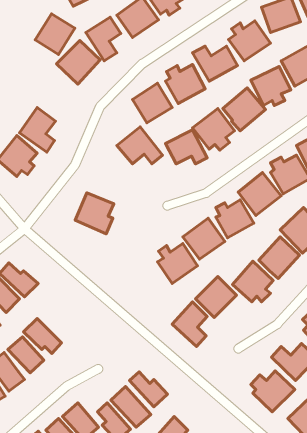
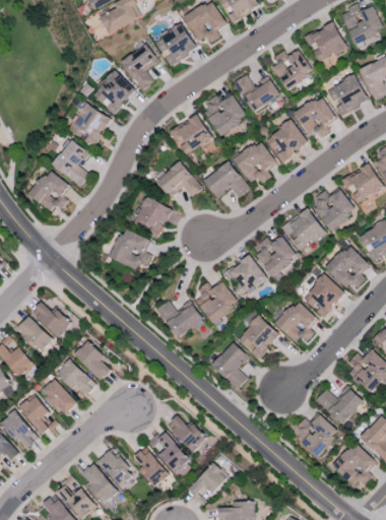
building: [35,14,75,55] -> [69,104,111,146]
building: none -> [136,196,173,239]
building: none -> [155,301,202,338]
building: none -> [73,340,111,381]

